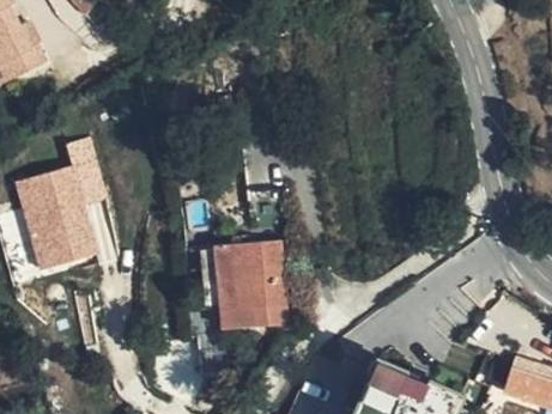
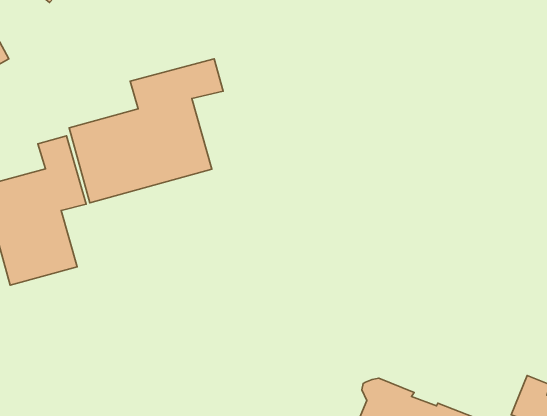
building: none -> [69,59,223,203]
building: [211,239,284,329] -> none

